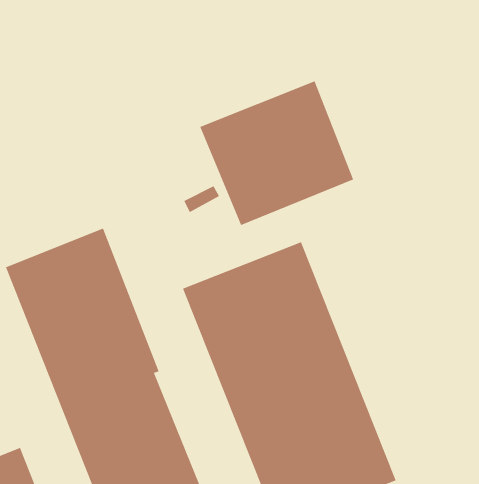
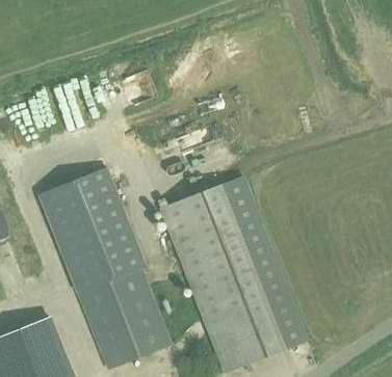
building: [199,81,354,226] -> none

